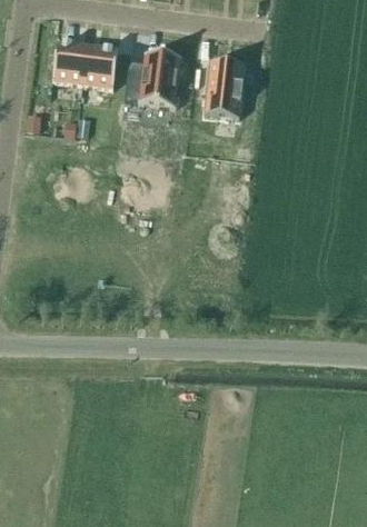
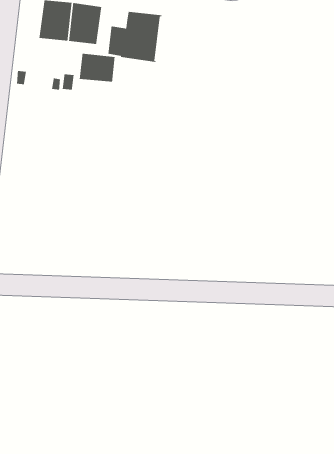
building: [204,60,245,117] -> none
building: none -> [79,53,115,82]

